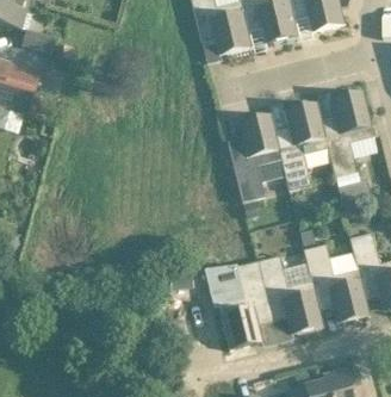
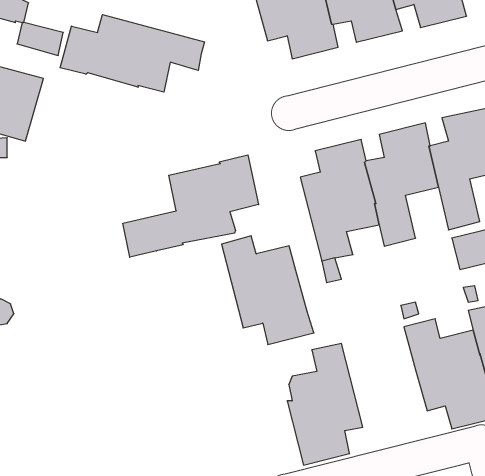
building: none -> [60,15,205,92]
building: none -> [123,155,259,257]
building: [256,254,323,333] -> [222,236,314,344]

